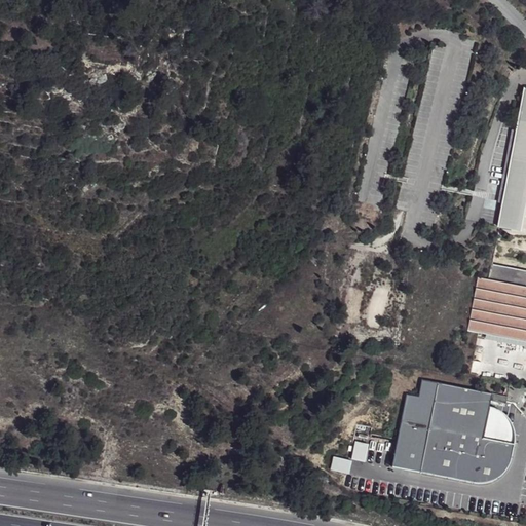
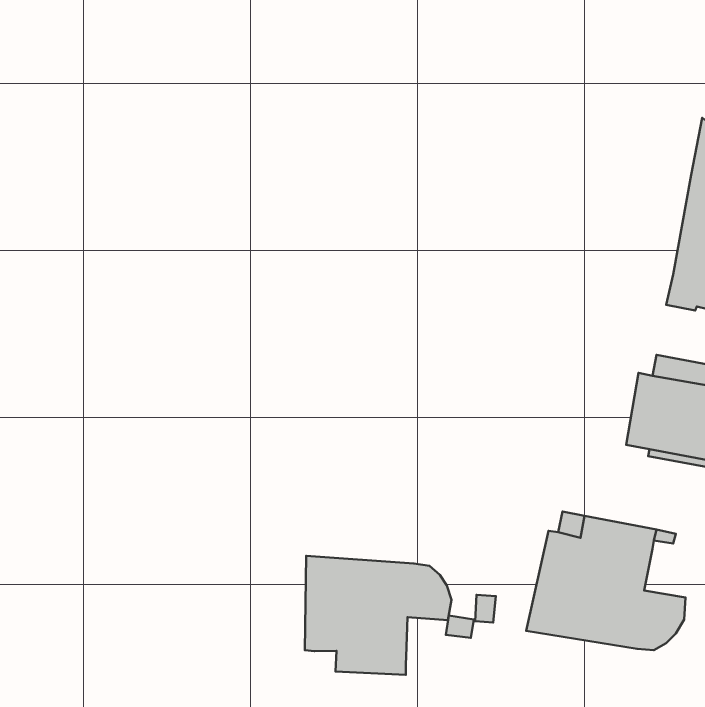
building: [480,407,512,443] -> none
building: none -> [305,556,452,675]

